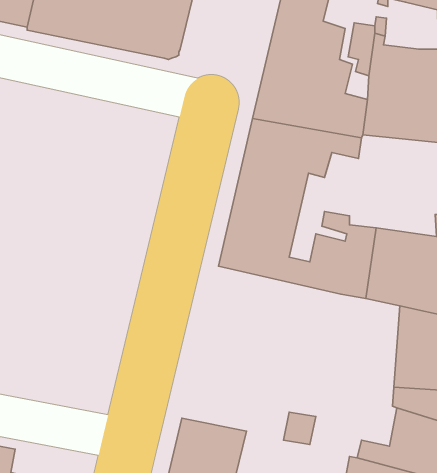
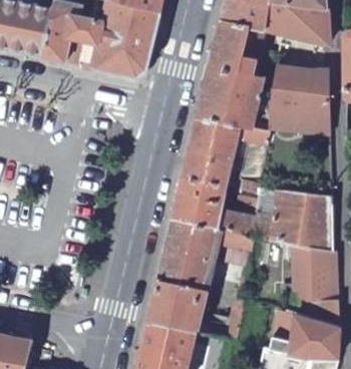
building: none -> [147,218,256,330]

